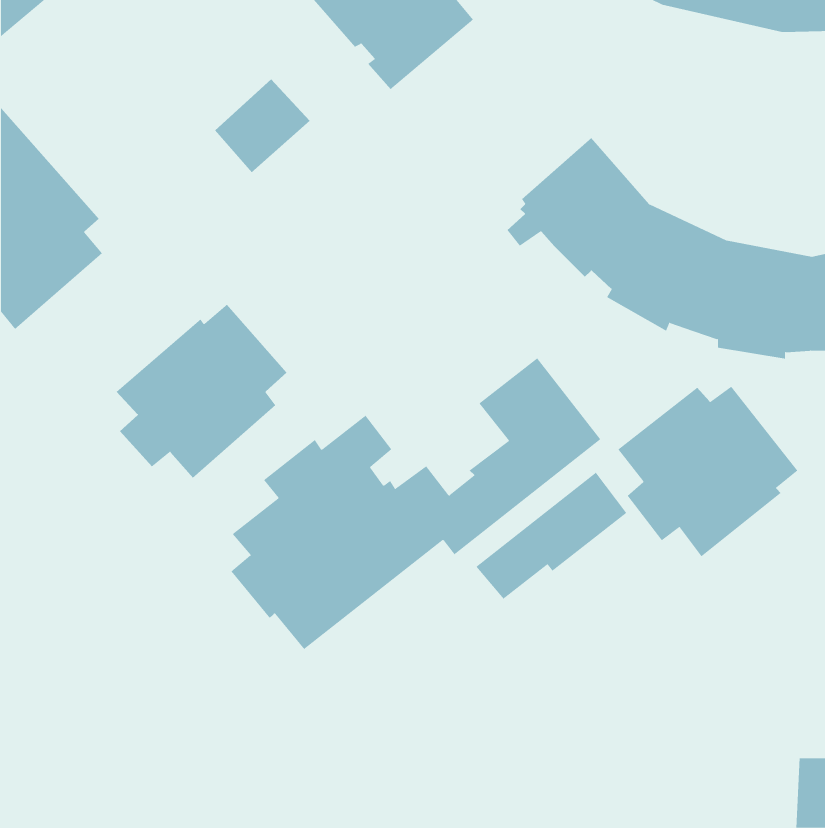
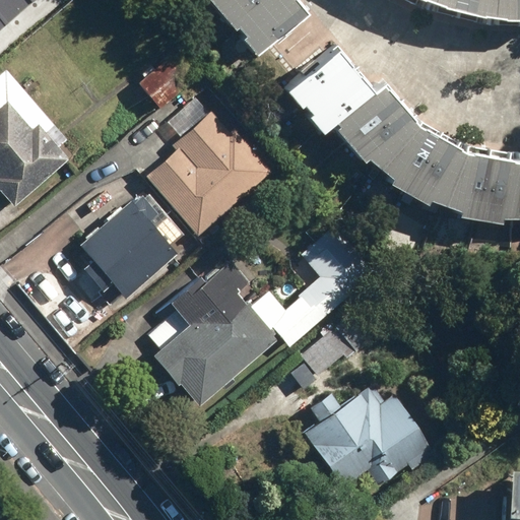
building: none -> [279,48,366,133]
building: none -> [145,109,272,235]
building: [617,386,798,557] -> none
building: none -> [303,382,435,485]

